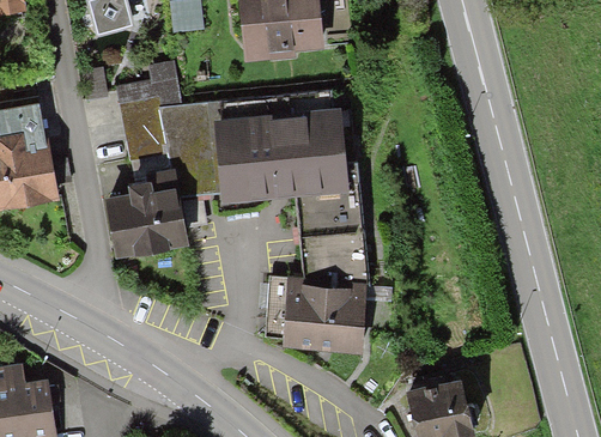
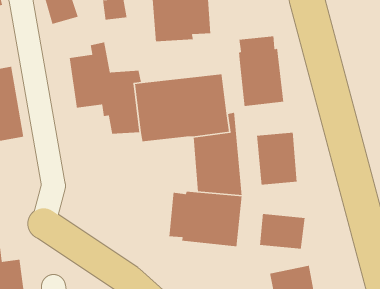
building: none -> [238,35,284,107]
building: [103,168,188,260] -> none
building: none -> [256,132,297,185]
building: none -> [259,213,306,250]

